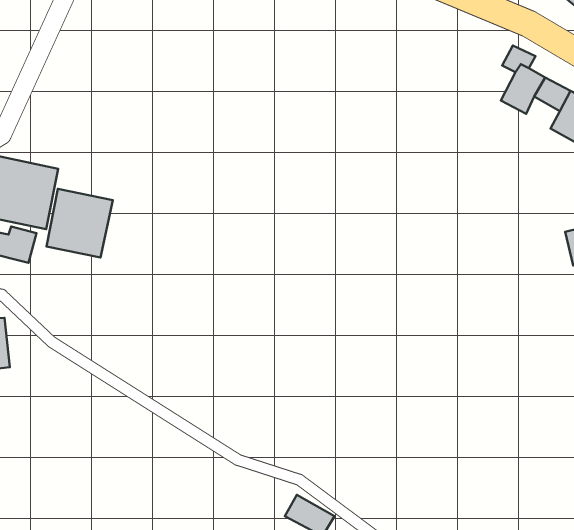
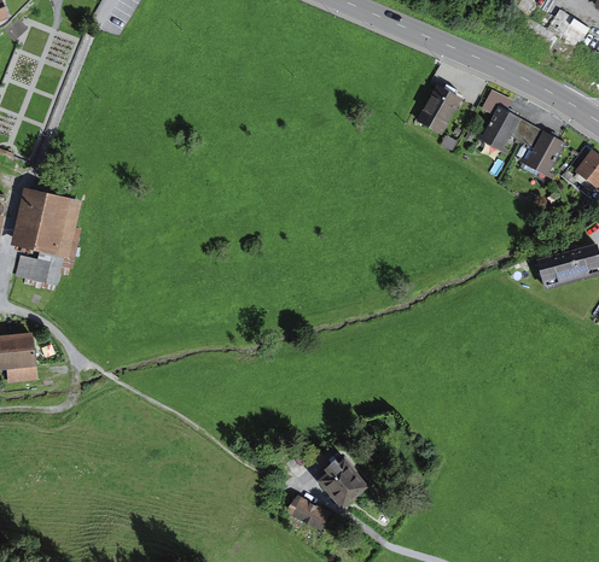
building: none -> [415,83,463,134]
building: [46,189,113,258] -> none
building: none -> [318,457,370,509]

